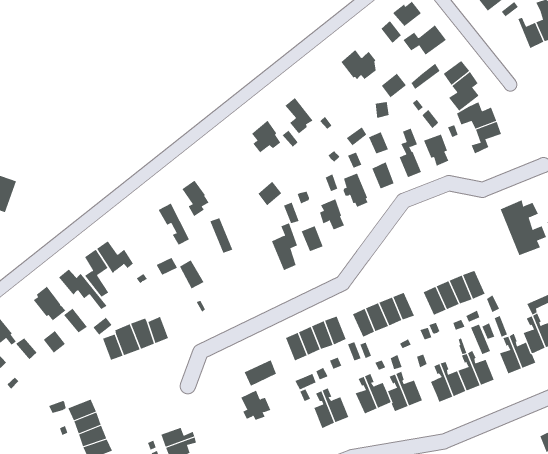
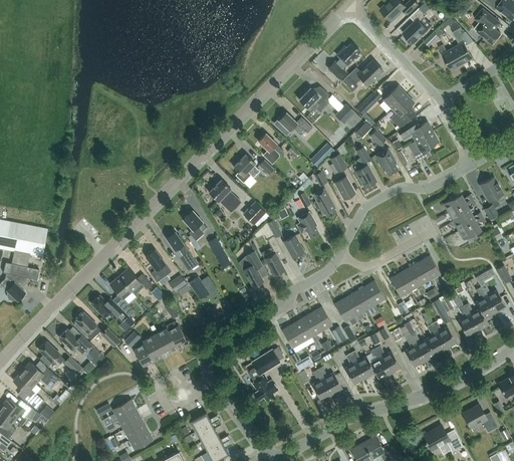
building: none -> [273,112,312,136]
building: none -> [209,180,236,209]
building: none -> [146,250,171,282]
building: none -> [244,251,263,287]
building: none -> [59,329,93,356]

